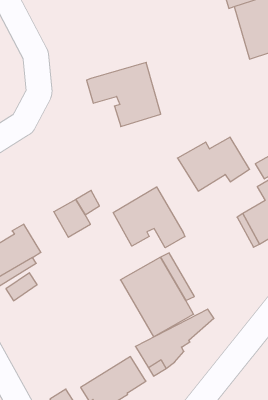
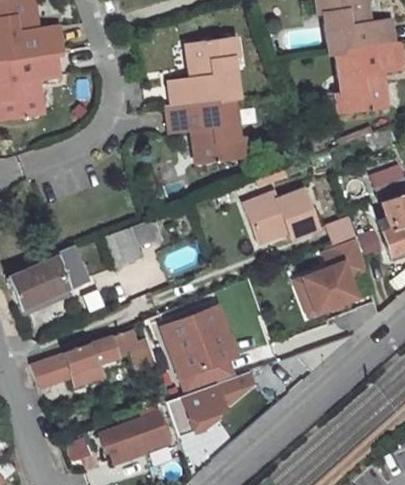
building: none -> [165,38,238,105]
building: [113,187,185,248] -> none
building: none -> [32,331,141,385]

